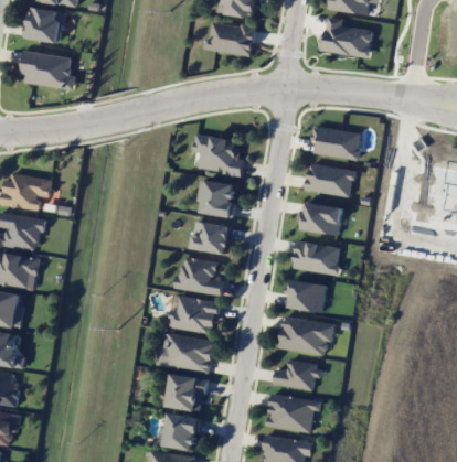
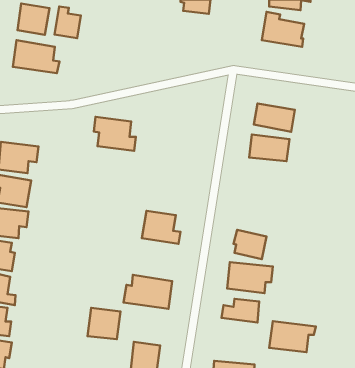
building: none -> [55,6,81,38]
building: [205,20,256,57] -> none
building: [193,135,244,175] -> [94,117,136,151]
building: [198,180,236,217] -> none
building: [300,203,341,235] -> none
building: [192,222,231,255] -> none
building: [291,241,340,276] -> none
building: [168,296,217,333] -> none
building: [166,374,205,411] -> [87,308,120,339]
building: [266,395,322,432] -> [269,321,316,352]

